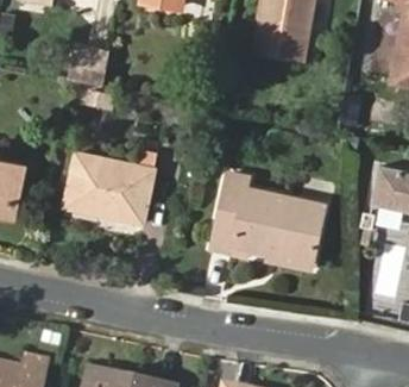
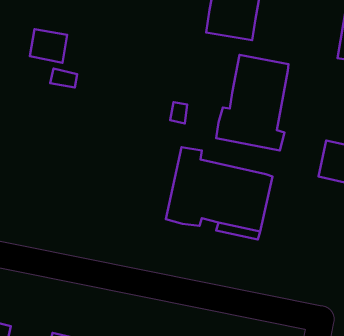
building: none -> [216,55,289,151]
building: [64,152,155,220] -> none

